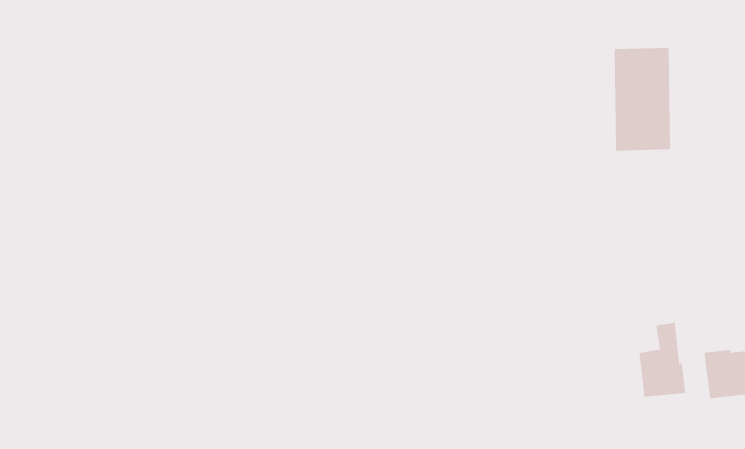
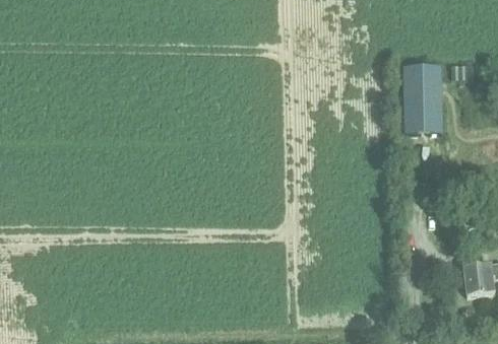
building: [639,322,686,397] -> none

